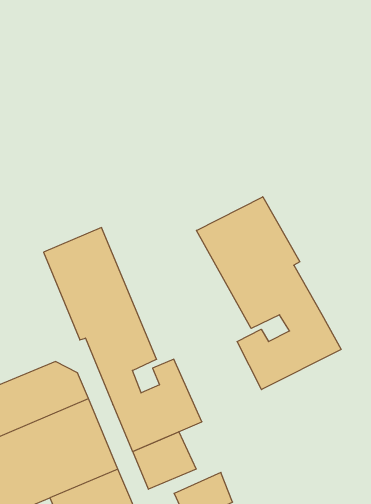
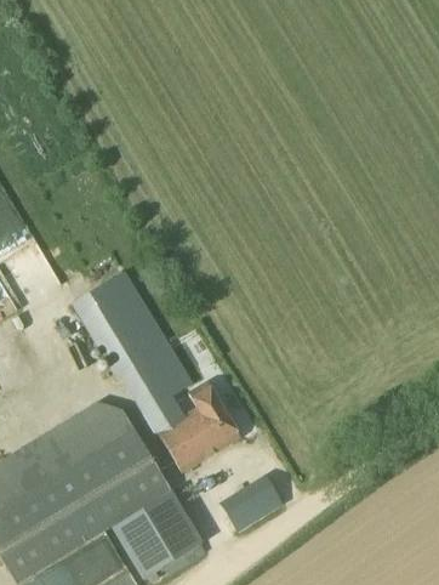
building: [196,197,341,390] -> none
building: [133,432,196,489] -> none

